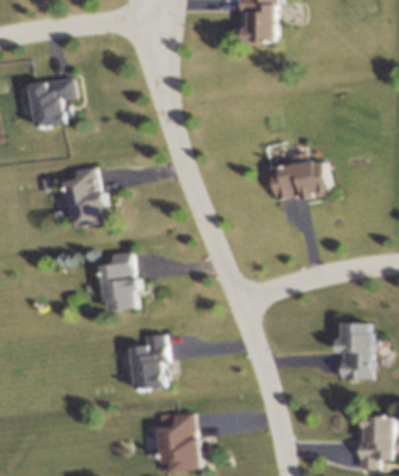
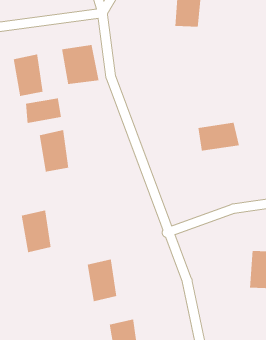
building: none -> [61,44,100,85]
building: none -> [25,97,62,124]
building: [102,260,141,316] -> [21,210,51,253]

